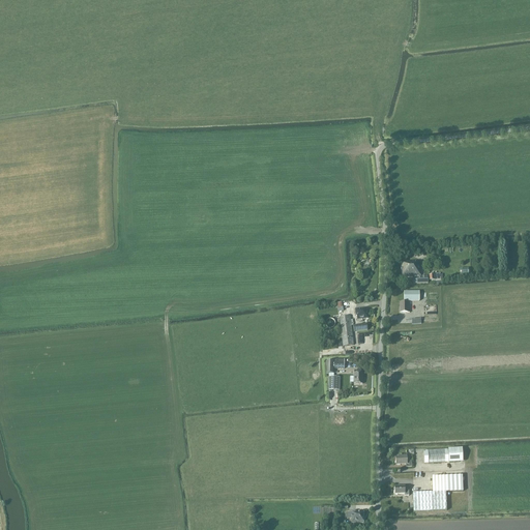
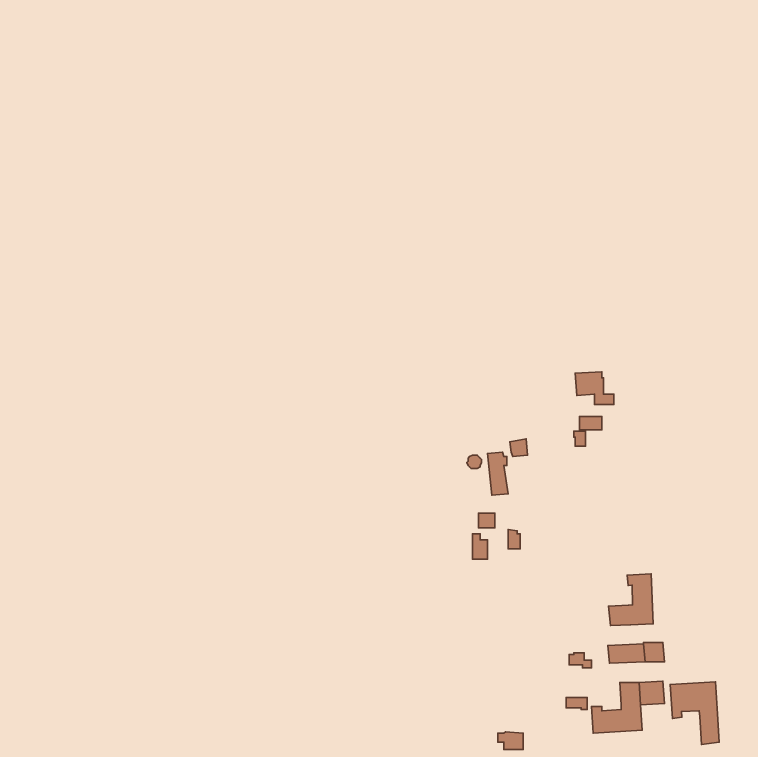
building: none -> [609,574,653,626]
building: none -> [670,682,719,745]

